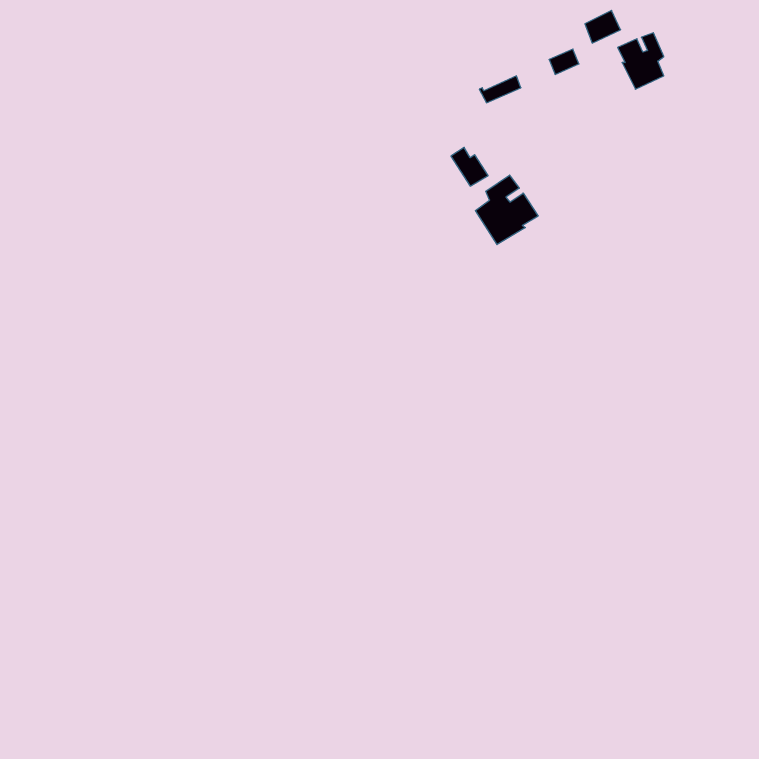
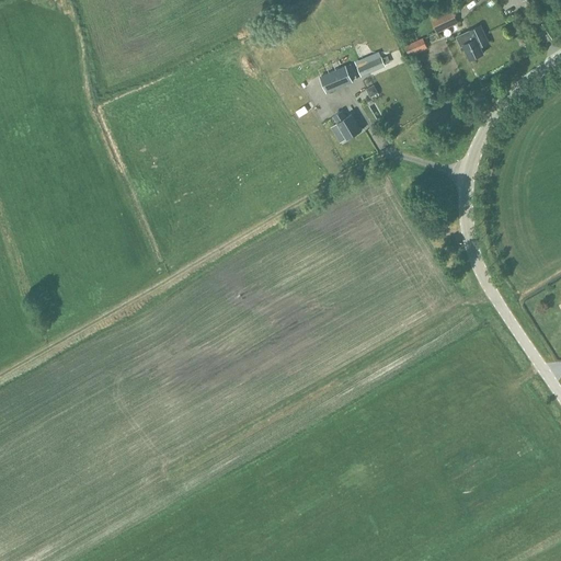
building: none -> [318,65,352,92]
building: [475,175,538,245] -> none

